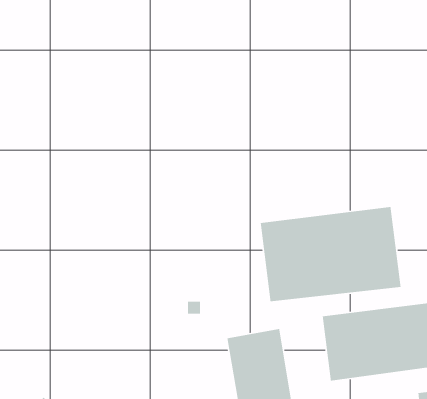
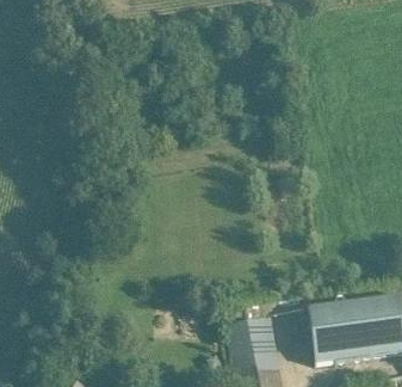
building: [260,206,401,302] -> none

